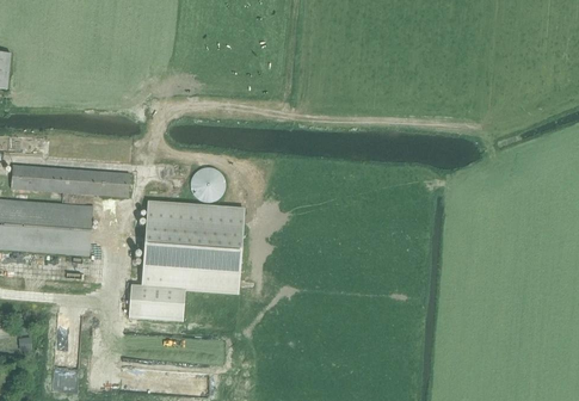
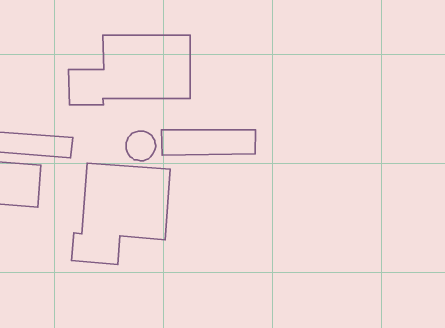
building: none -> [69,35,190,105]
building: none -> [161,130,256,155]

